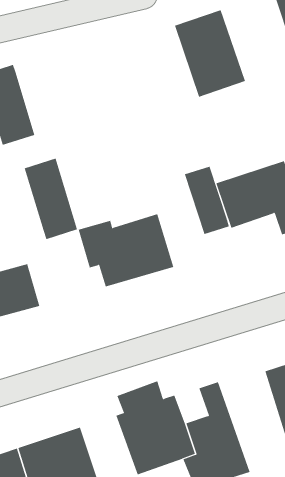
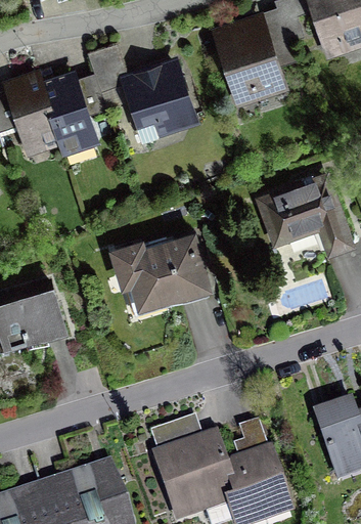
building: none -> [119,55,201,140]
building: [24,158,78,240] -> [42,70,100,159]
building: [184,166,230,235] -> none

